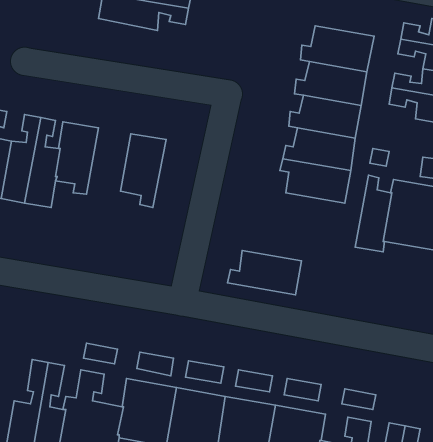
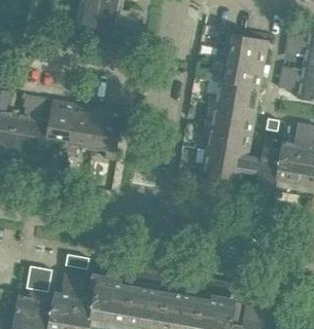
building: none -> [67,104,98,152]
building: [228,250,301,295] -> [196,149,247,180]

